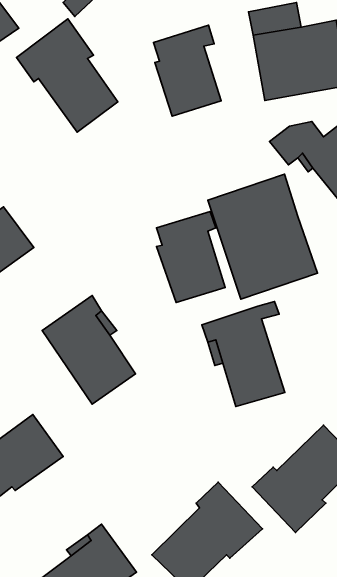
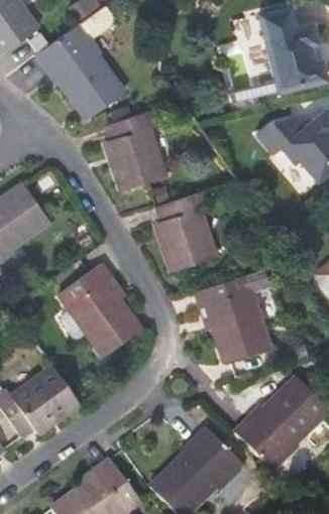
building: [154,25,221,116] -> [104,111,162,189]
building: [208,174,318,299] -> none

